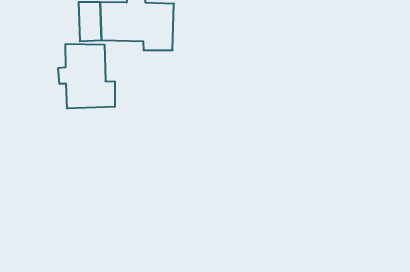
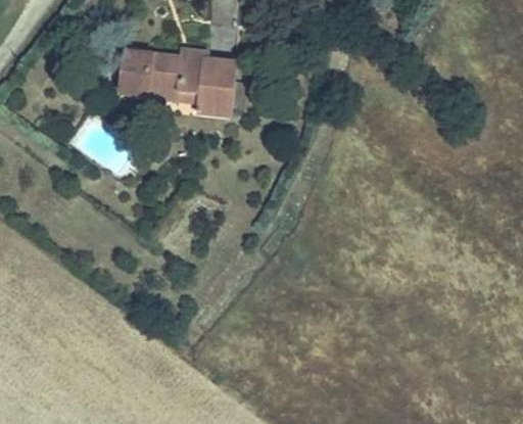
building: [58,44,115,109] -> none

